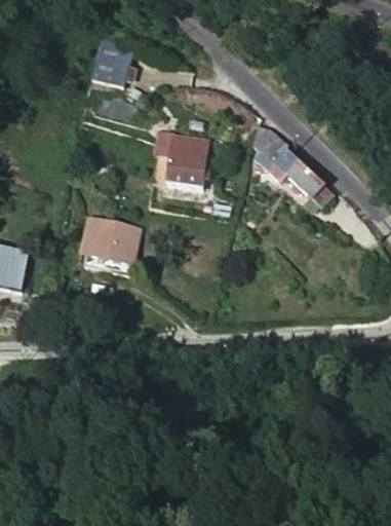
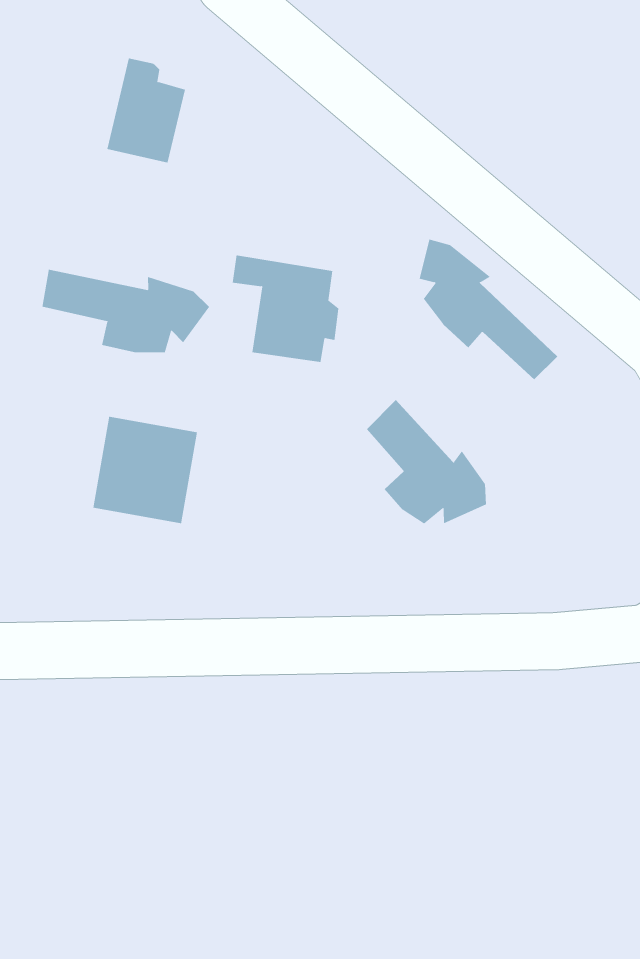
building: none -> [42,269,210,353]
building: none -> [366,399,487,525]

